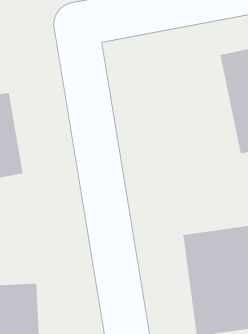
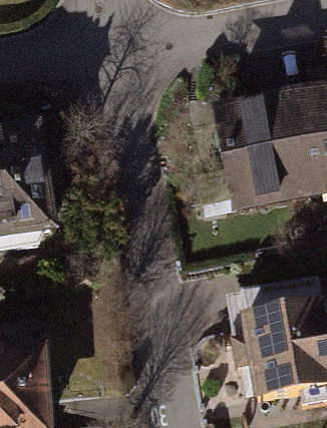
building: none -> [210,86,302,216]

